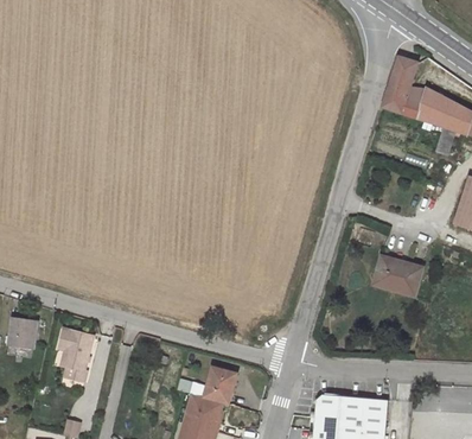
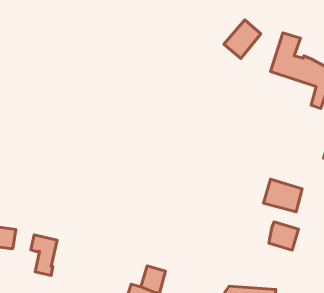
building: none -> [224,20,261,58]
building: none -> [269,222,298,250]

